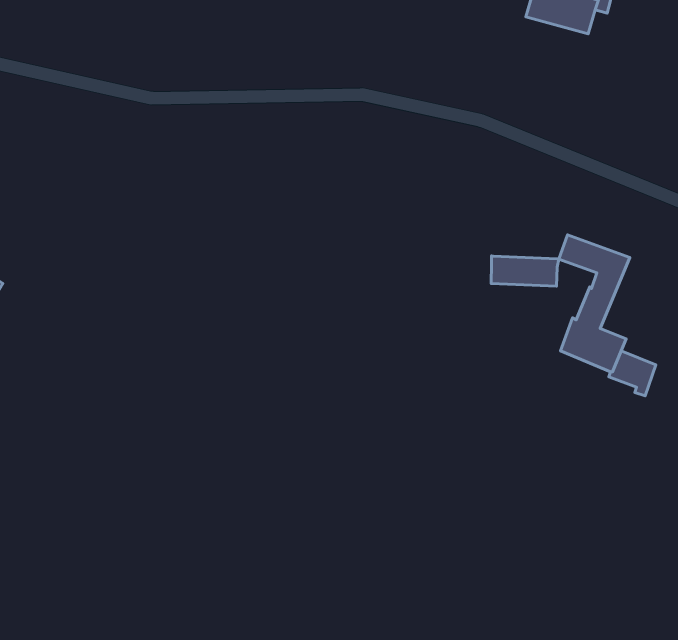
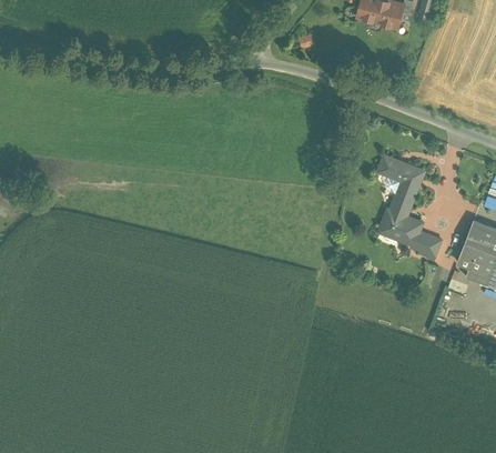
building: [491,256,559,286] -> none

